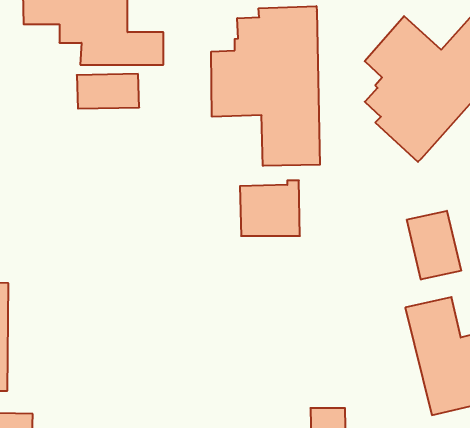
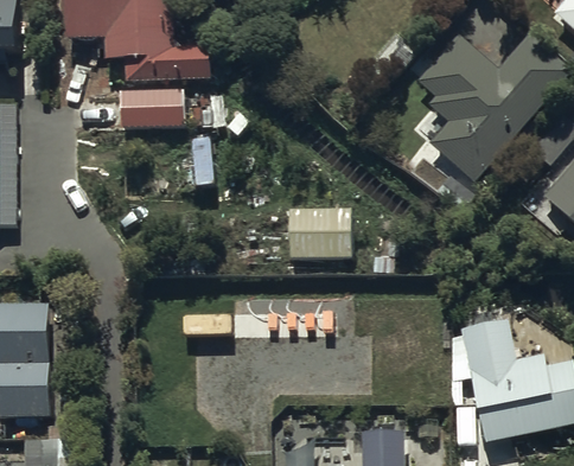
building: [211,6,320,166] -> none
building: [407,211,461,280] -> none

